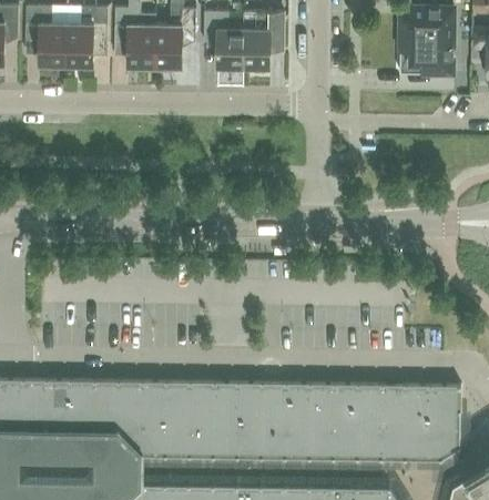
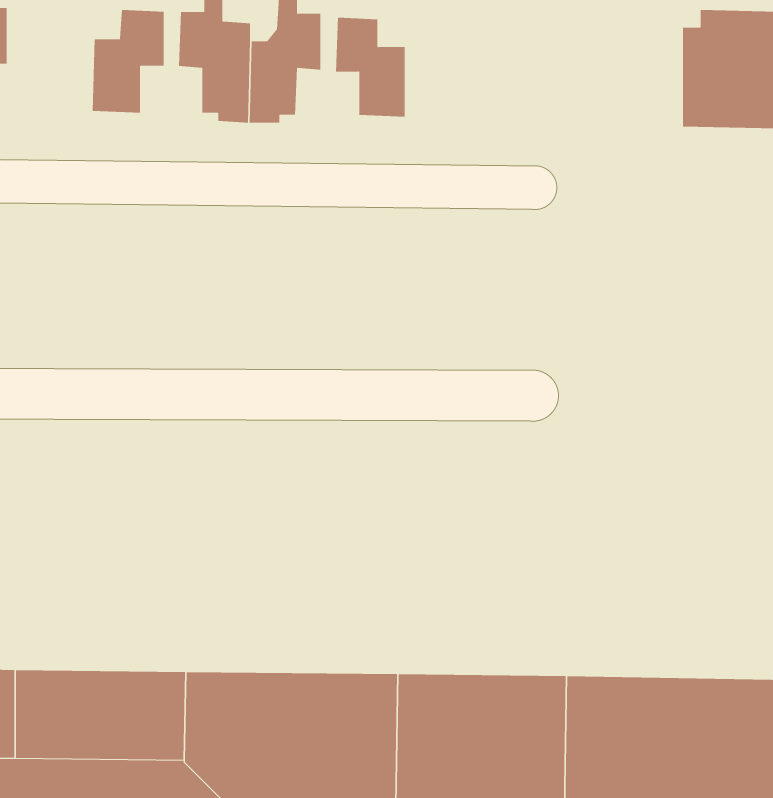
building: [26,8,67,65] -> none
building: [243,13,284,69] -> none

